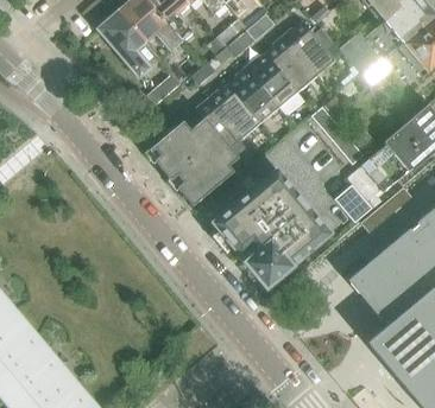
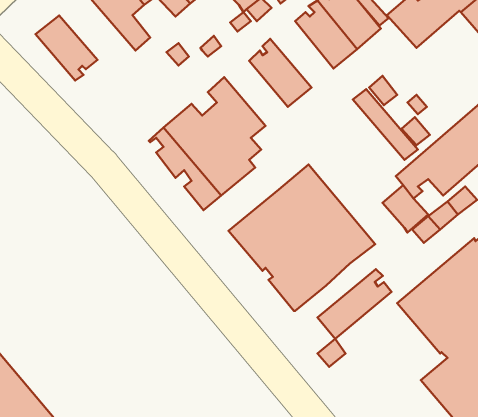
building: none -> [36,15,98,80]
building: [246,53,297,107] -> none
building: [209,85,260,138] -> none
building: none -> [317,269,391,339]

